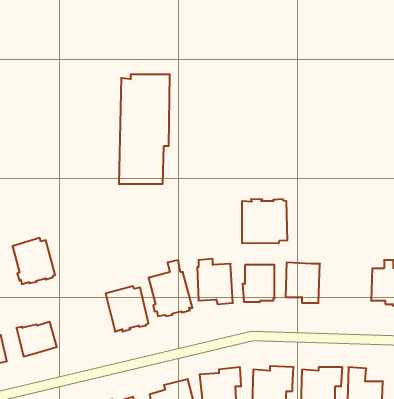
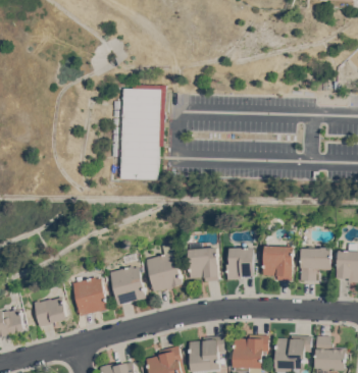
building: [242,199,287,244] -> none
building: [12,238,55,284] -> [70,276,107,316]
building: none -> [299,248,330,280]

